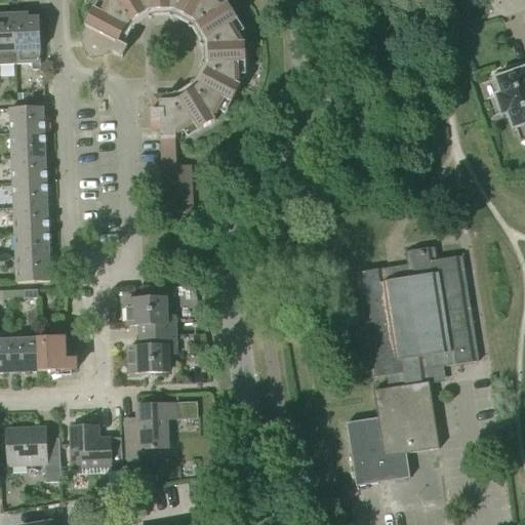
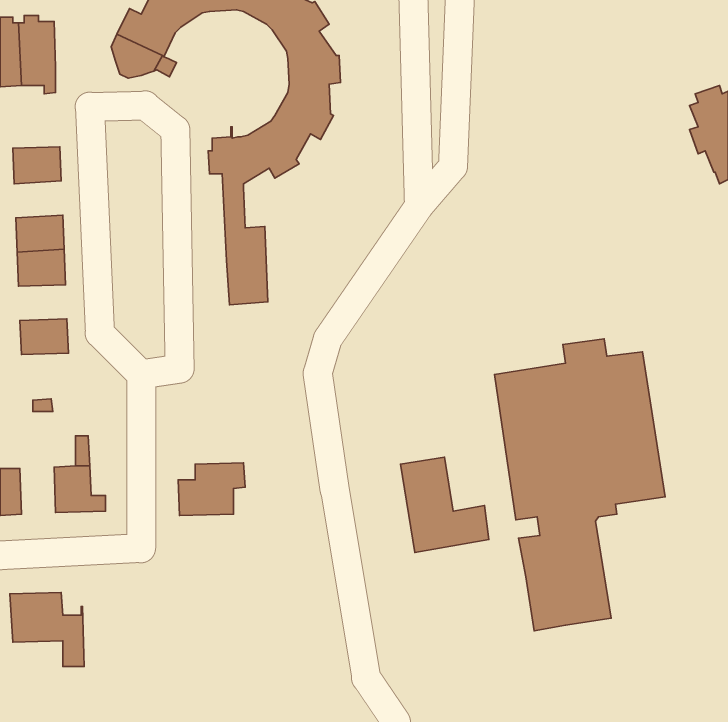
building: [10,130,45,157] -> none
building: [13,205,48,231] -> none
building: [15,254,50,281] -> none
building: [126,296,175,334] -> none
building: [14,336,40,370] -> none
building: [126,401,196,461] -> none
building: [347,415,410,484] -> [400,457,489,552]
building: [70,425,123,487] -> none

